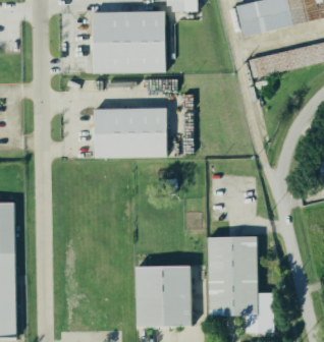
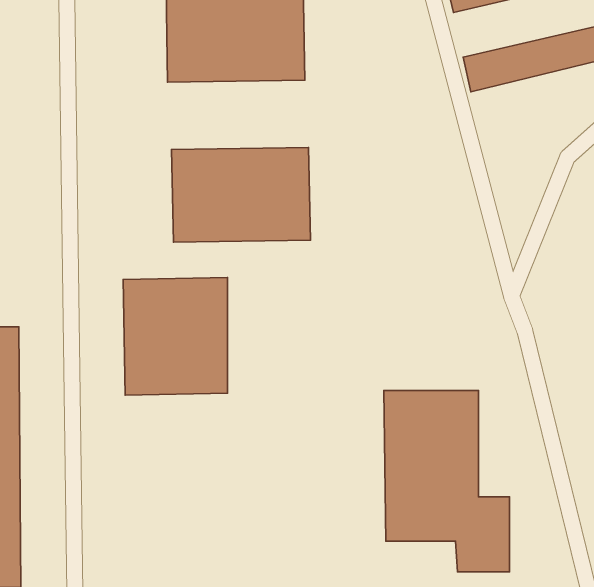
building: [134,266,190,328] -> [123,278,228,395]

